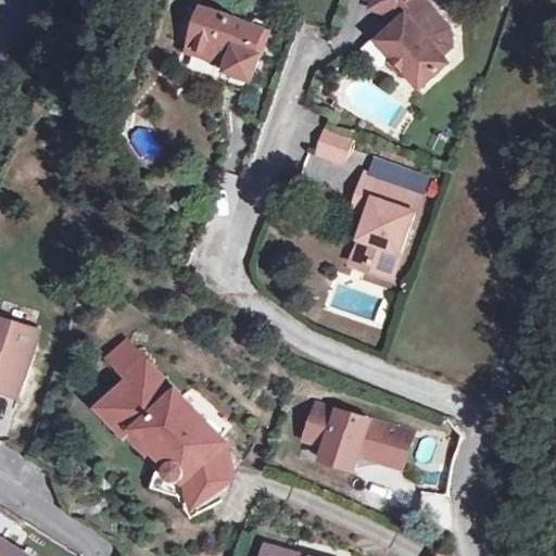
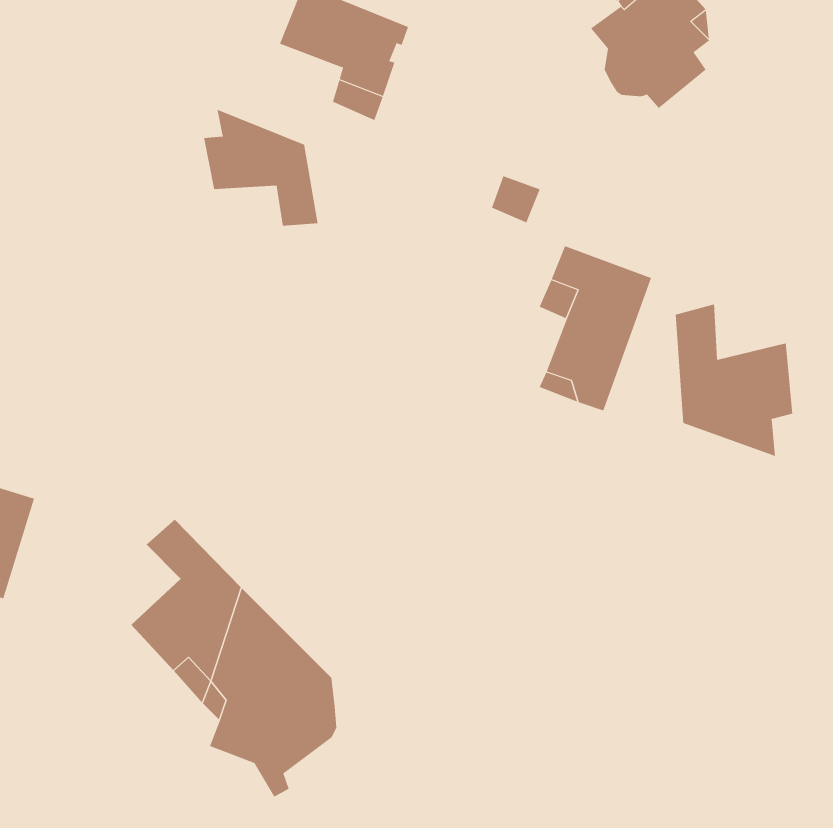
building: none -> [203,109,318,227]
building: none -> [675,304,793,457]
building: [292,388,409,460] -> none

